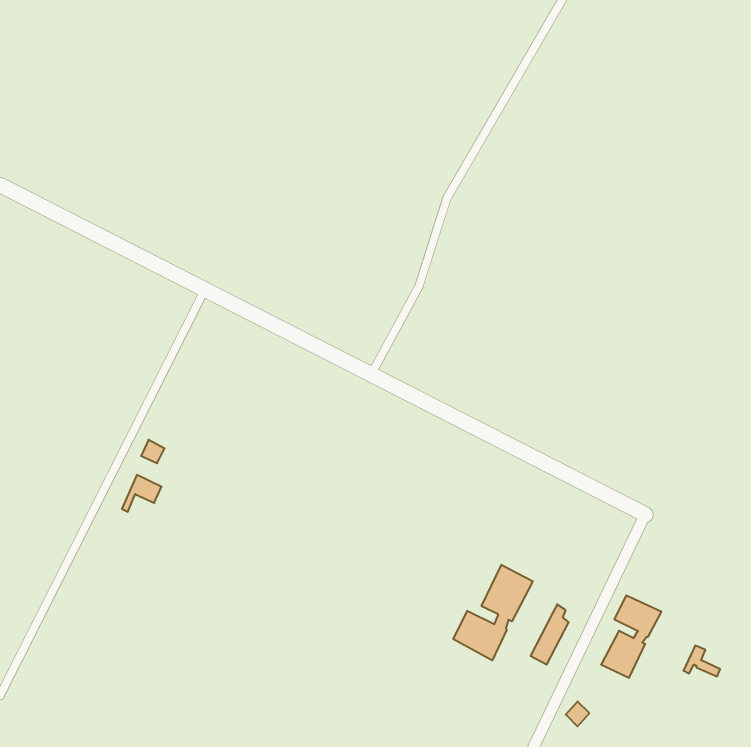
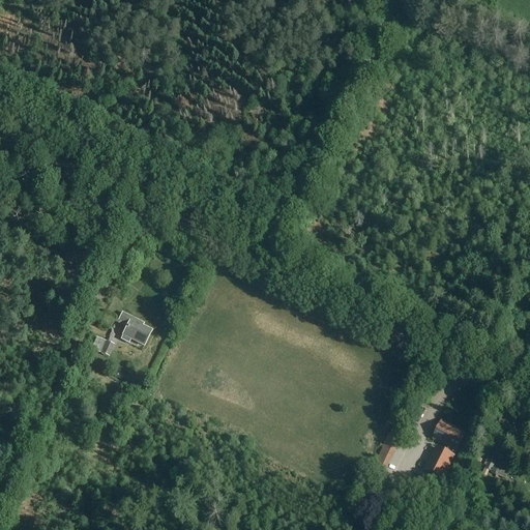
building: none -> [118,312,151,344]
building: [453,565,533,660] -> none

